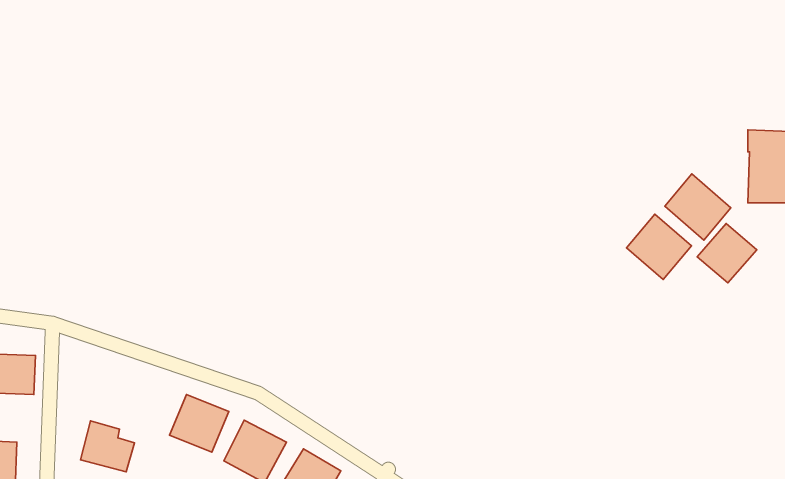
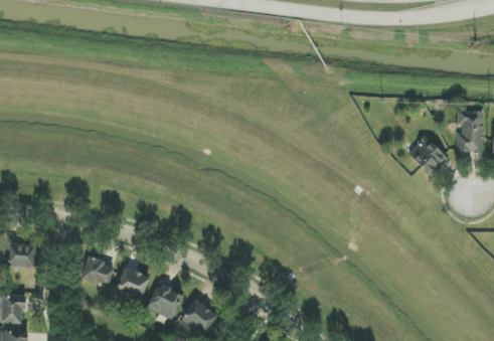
building: [627,214,692,280] -> none
building: [697,223,757,283] -> none
building: [80,421,135,472] -> [81,254,114,285]

